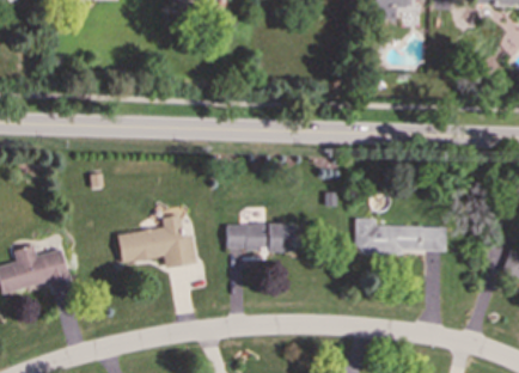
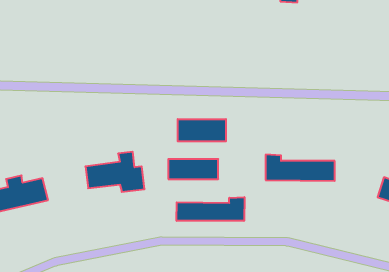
building: none -> [178,119,226,141]
building: none -> [177,197,244,221]

